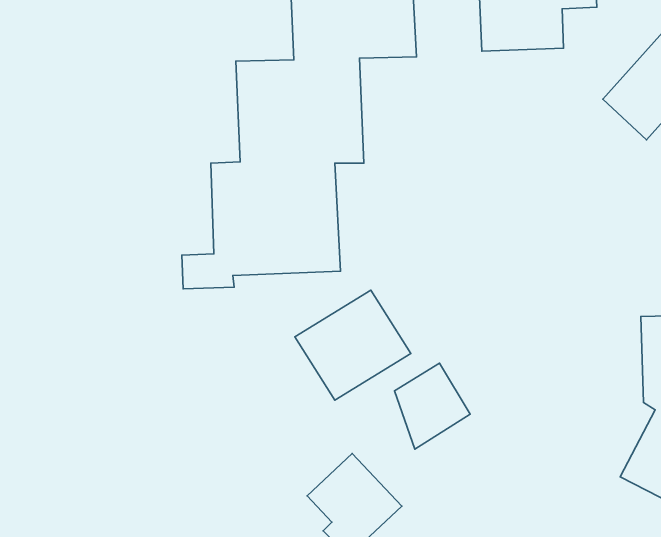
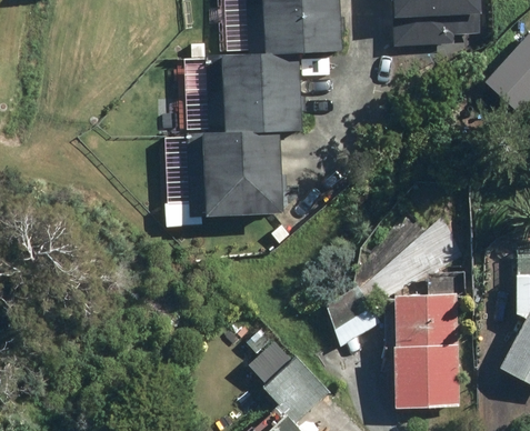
building: [295,290,411,400] -> none
building: none -> [391,271,471,410]

